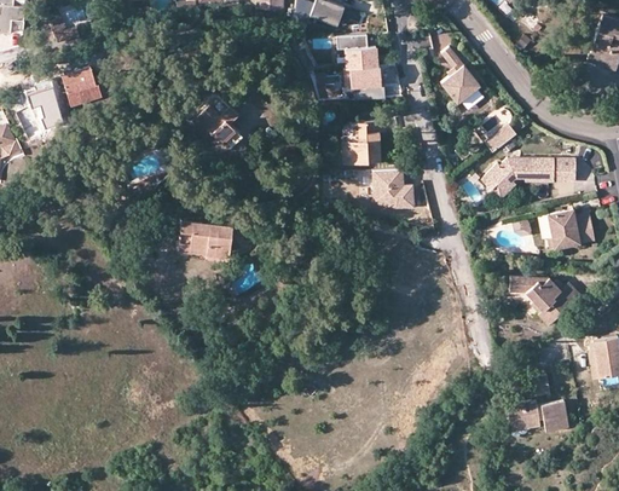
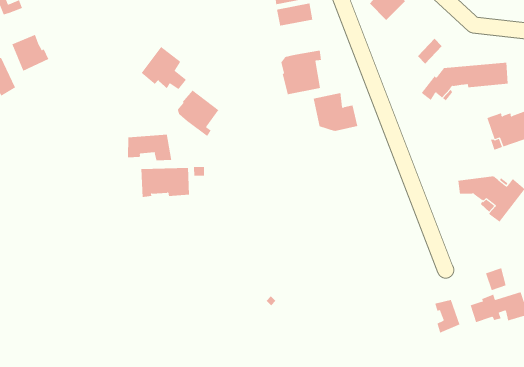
building: none -> [177,89,219,137]
building: none -> [127,134,172,161]
building: none -> [434,299,460,334]

